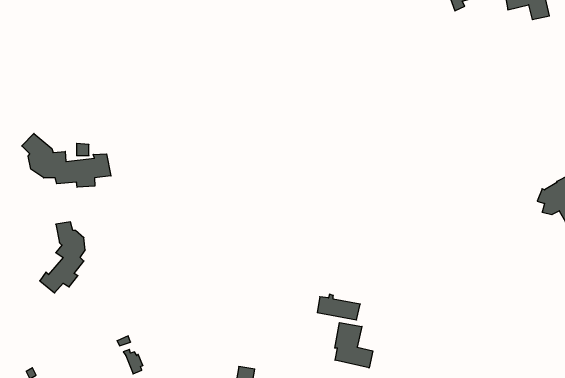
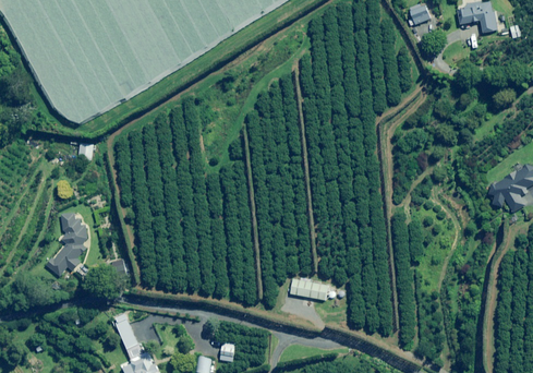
building: [22,133,111,187] -> none
building: [335,323,373,368] -> none

